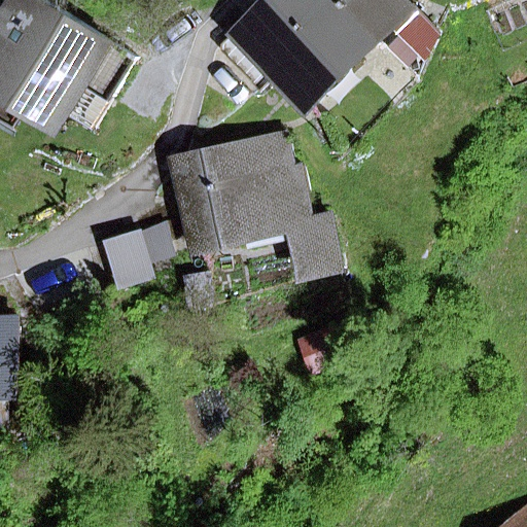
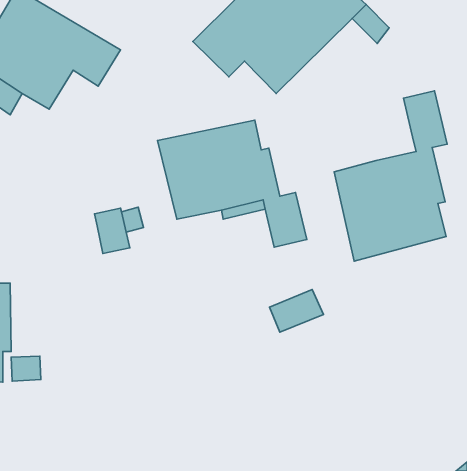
building: none -> [334,91,447,261]

